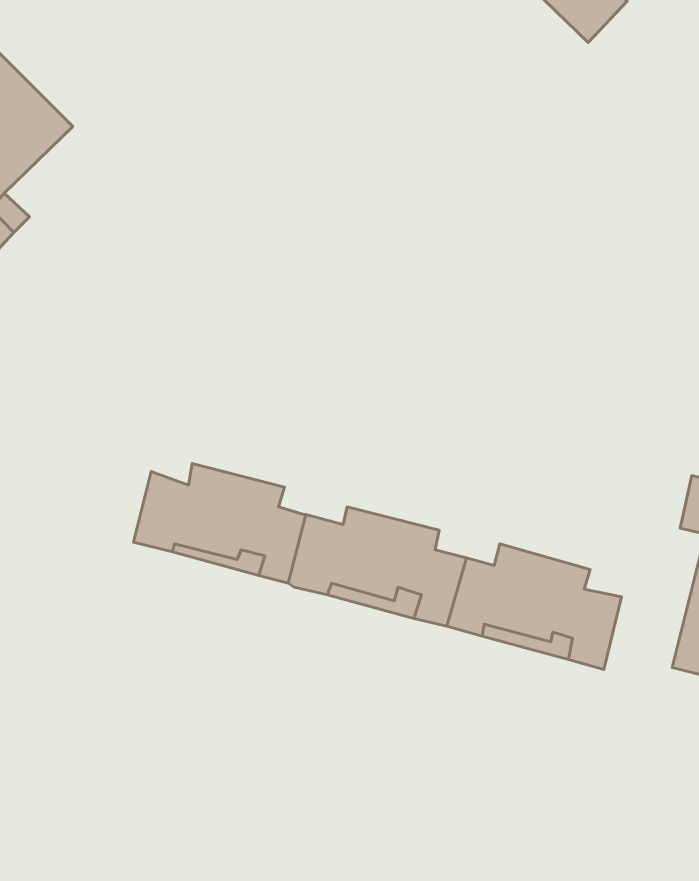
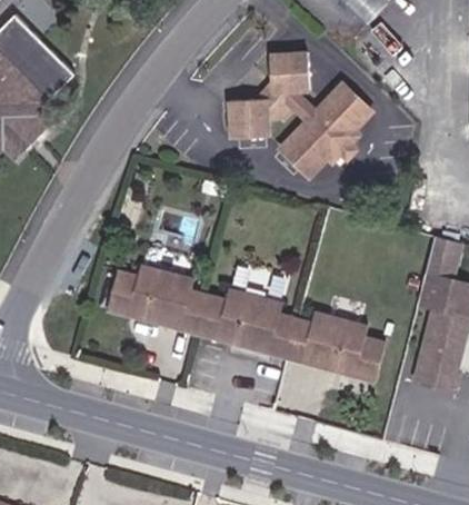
building: none -> [229,51,309,137]
building: none -> [282,82,373,176]

